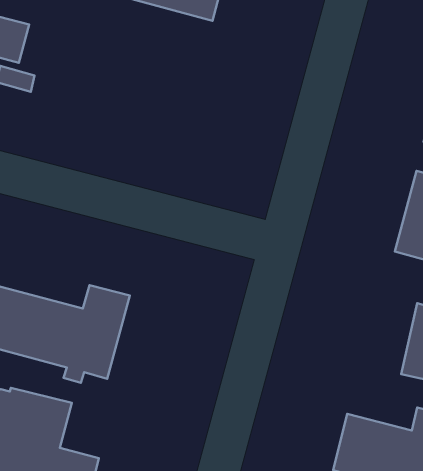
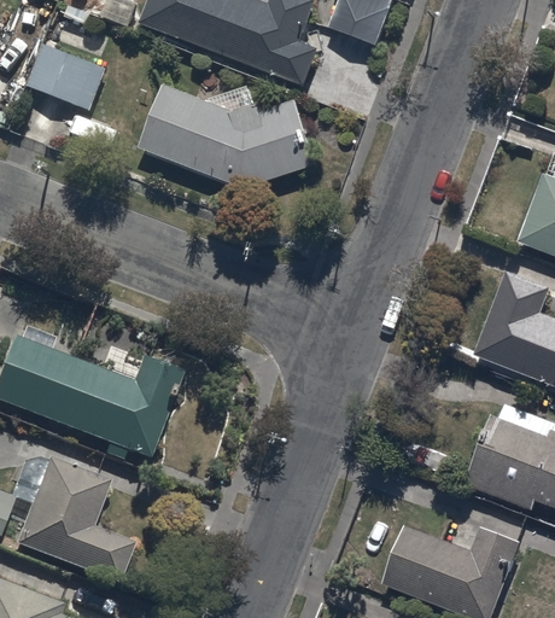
building: none -> [136,83,317,190]

